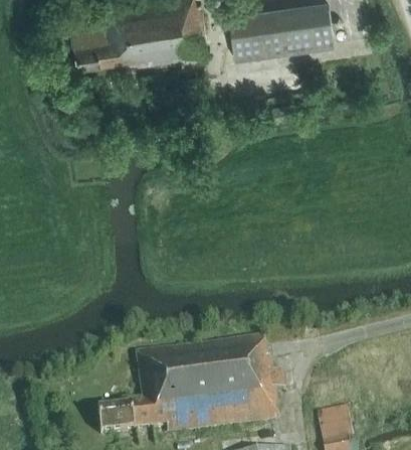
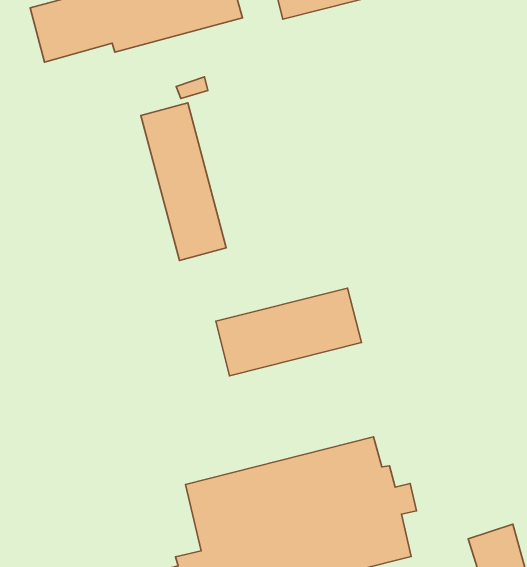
building: none -> [141,103,226,261]
building: none -> [216,288,361,376]

